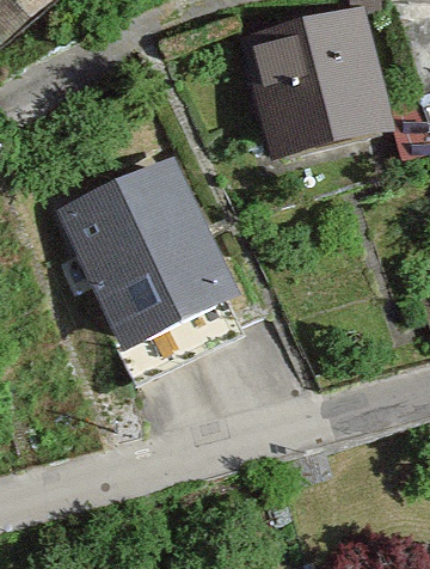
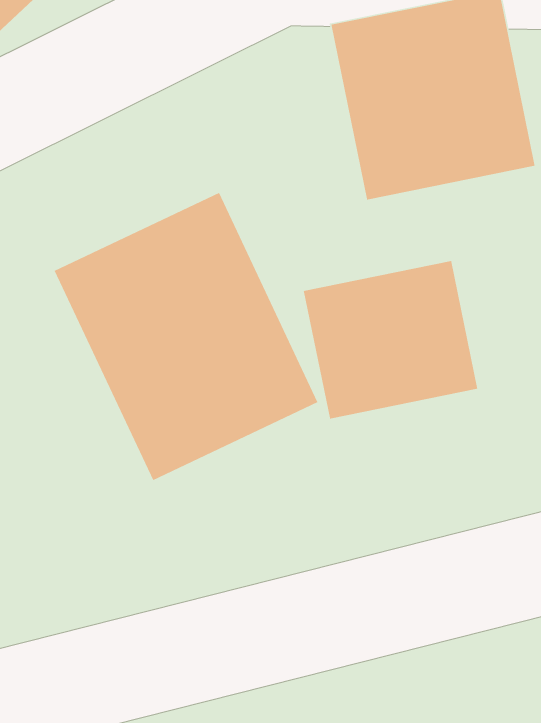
building: none -> [303,260,478,419]

